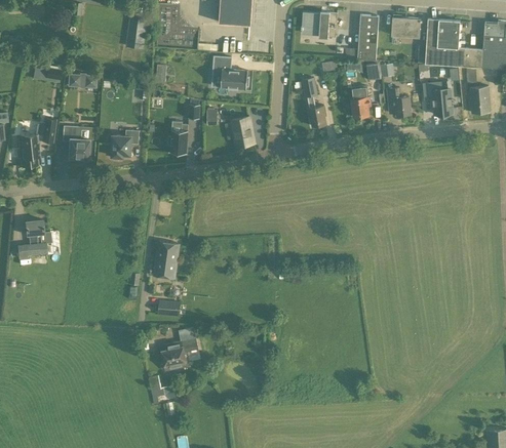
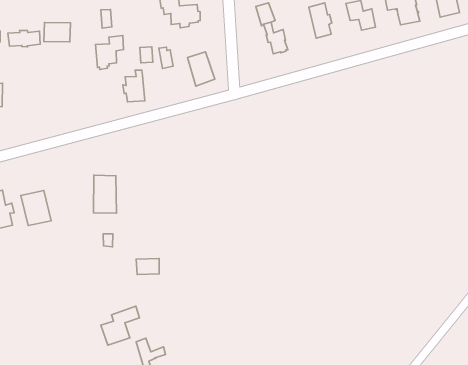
building: none -> [44,23,71,42]
building: [63,125,89,159] -> none
building: [112,130,140,159] -> [95,35,124,69]
building: none -> [21,190,51,226]
building: [154,241,180,279] -> [93,175,117,213]
building: [162,337,199,370] -> [101,306,139,345]

